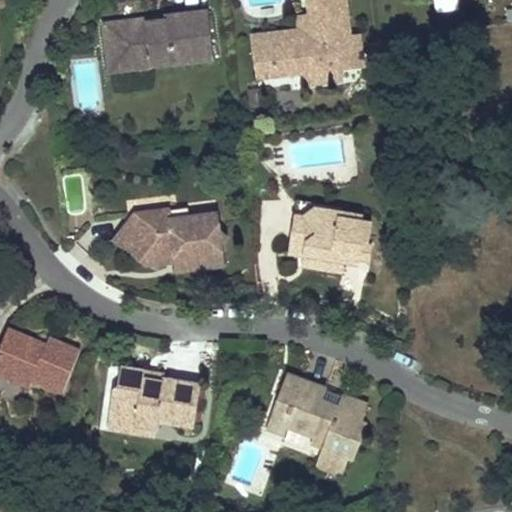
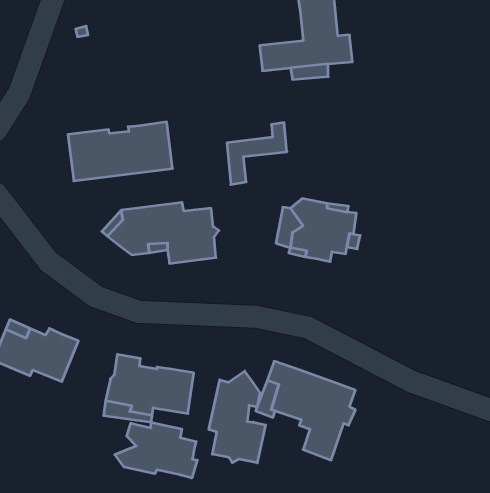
building: [103,11,211,72] -> [68,122,173,181]
building: [251,12,313,76] -> [227,123,287,185]
building: none -> [209,371,266,463]
building: none -> [115,422,197,478]

